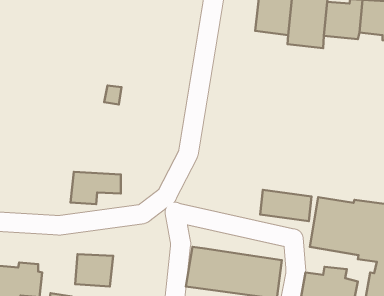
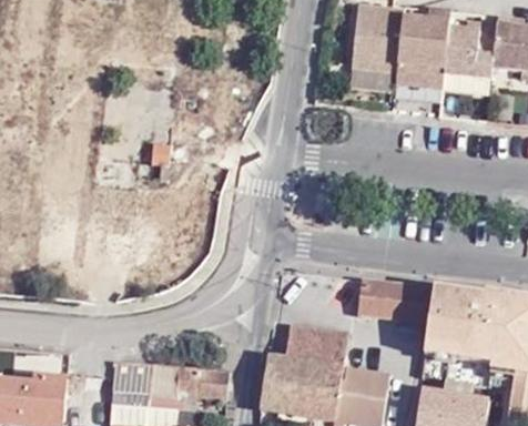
building: none -> [349,65,396,92]
building: [71,172,121,204] -> [156,367,224,410]
building: none -> [284,324,347,366]

